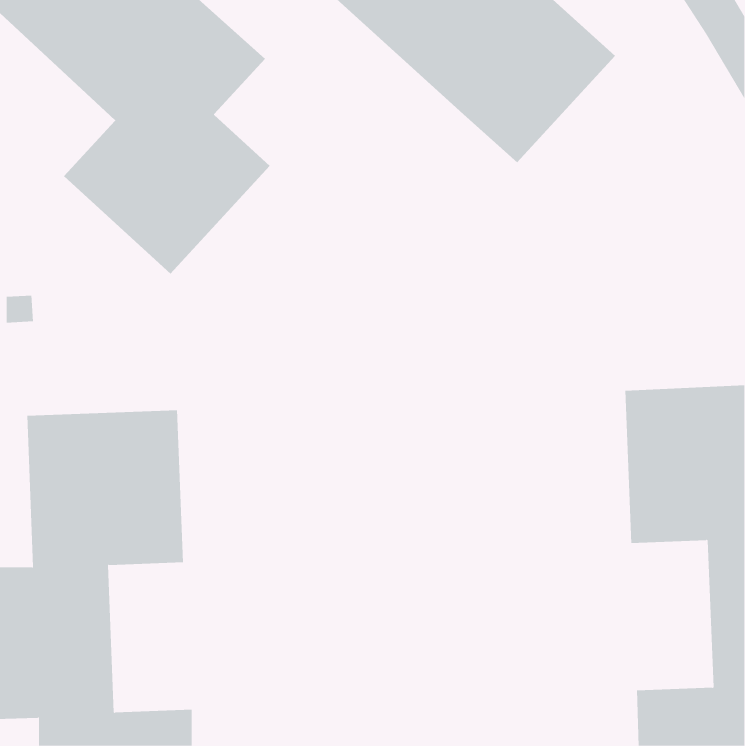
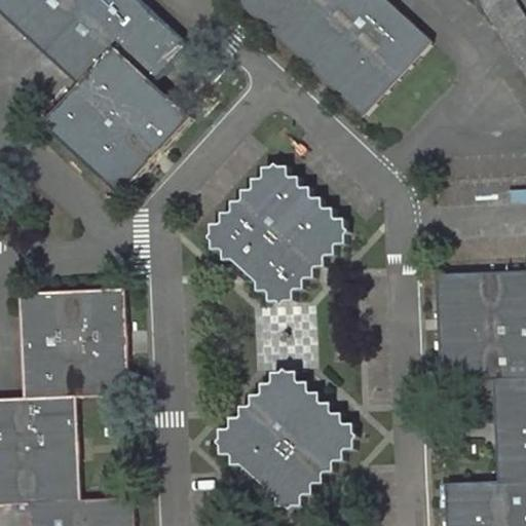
building: none -> [209,162,350,302]
building: none -> [214,369,358,509]

